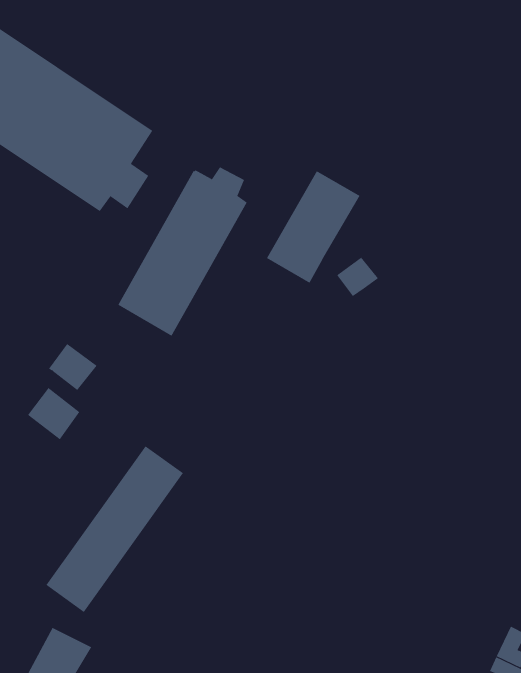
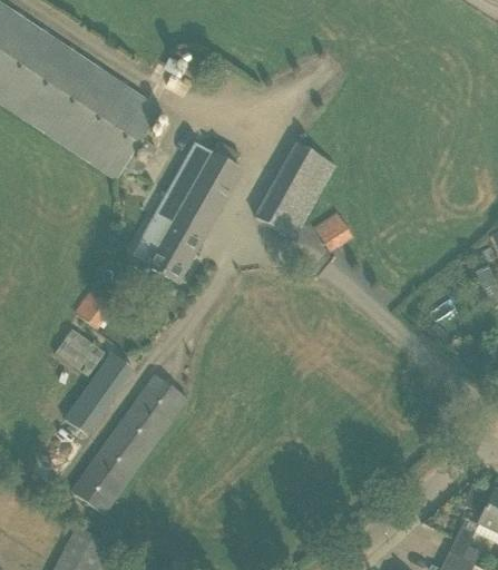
building: none -> [64,350,135,432]

